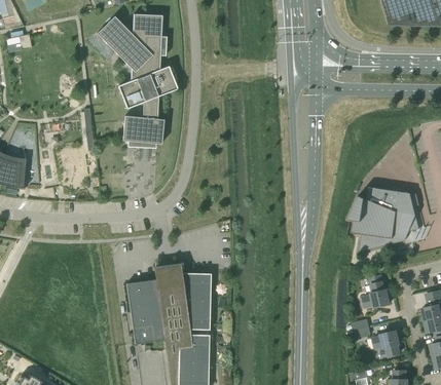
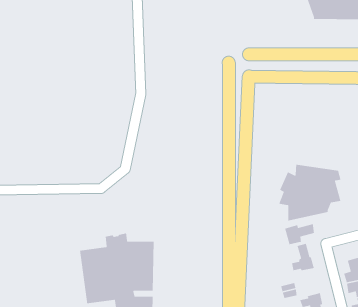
building: [96,13,177,149] -> none
building: none -> [284,223,315,245]

